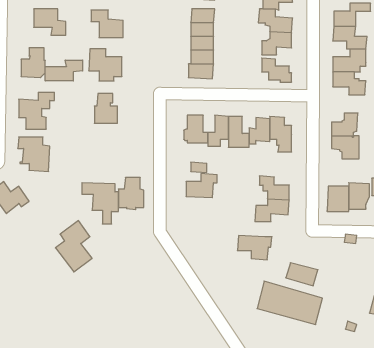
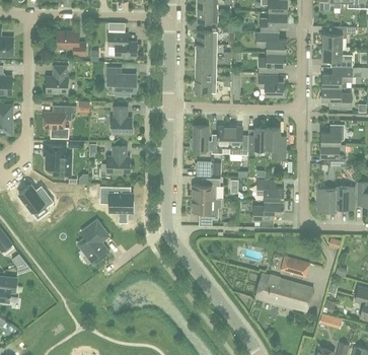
building: [45,60,83,81] -> none
building: [118,178,144,210] -> [106,145,129,173]
building: [237,236,272,260] -> [191,197,221,218]

